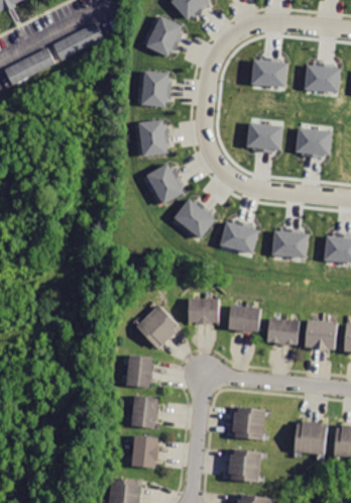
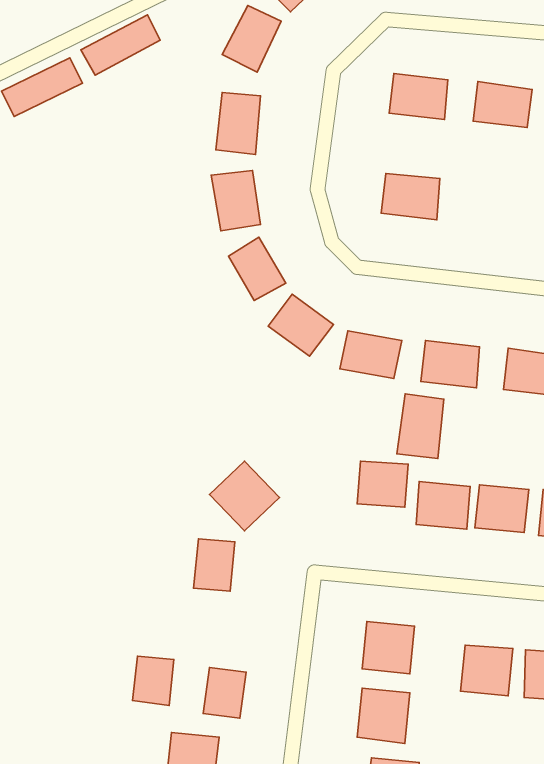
building: [296,128,331,155] -> none
building: none -> [397,394,444,459]
building: [189,297,219,325] -> none
building: [133,396,159,427] -> [133,656,174,705]

